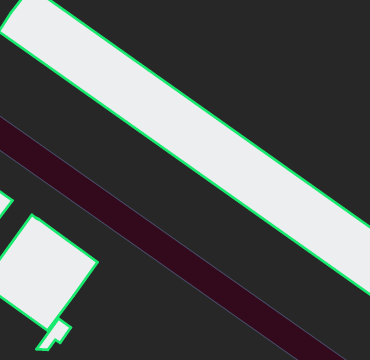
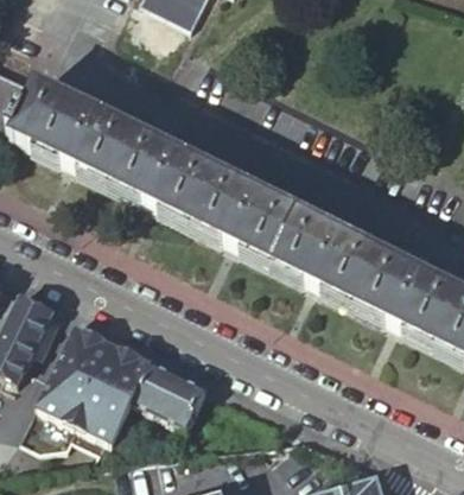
building: none -> [135,355,209,420]

